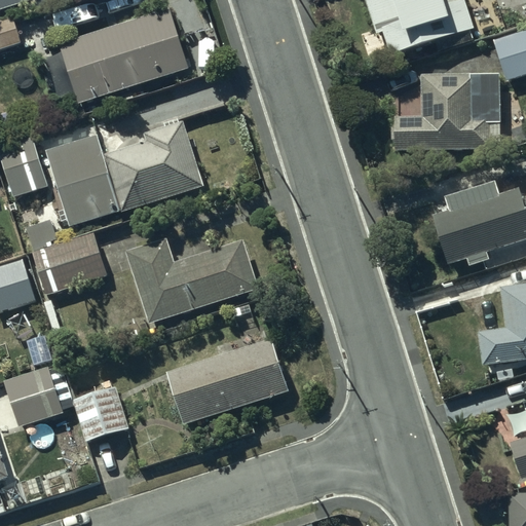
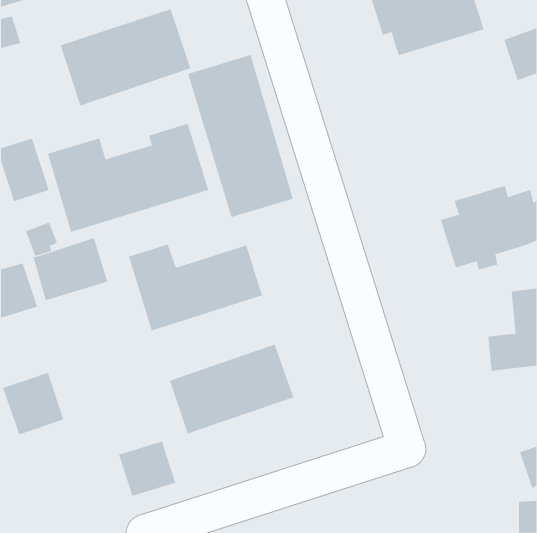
building: none -> [187,54,294,218]
building: [393,73,499,150] -> none
building: [72,384,128,439] -> [118,441,176,496]

